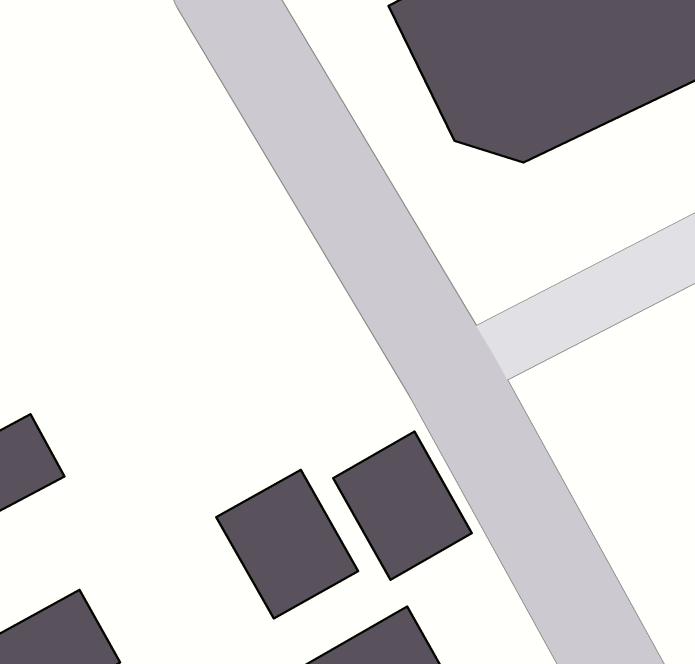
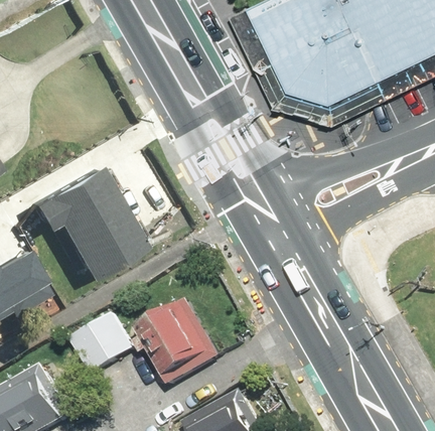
building: none -> [20,156,148,290]
building: [333,431,472,580] -> none
building: none -> [72,308,133,369]

